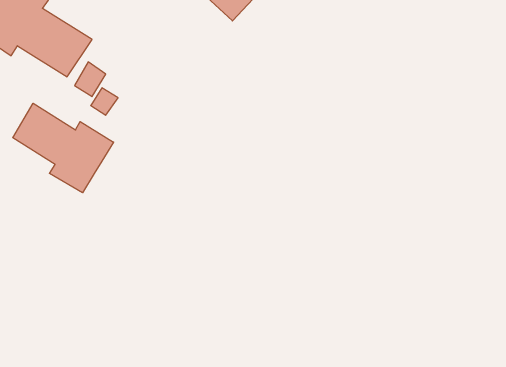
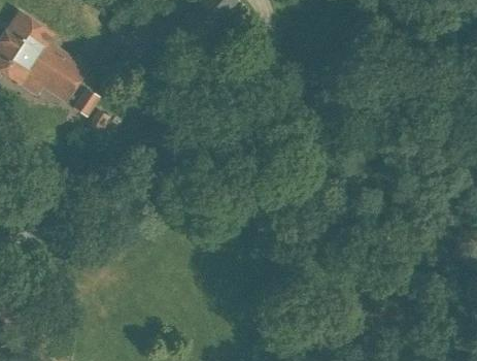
building: [13,103,114,193] -> none

